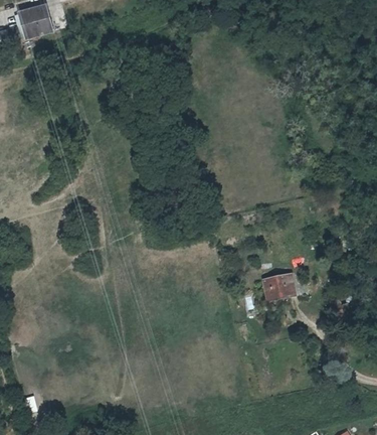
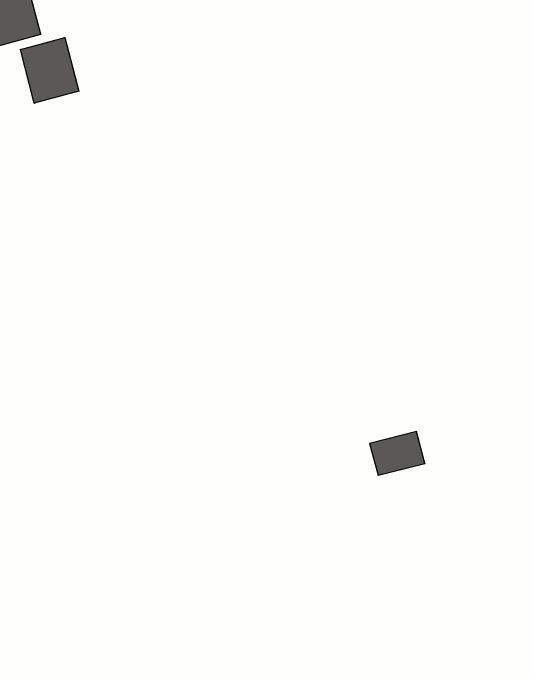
building: none -> [20,38,79,103]

